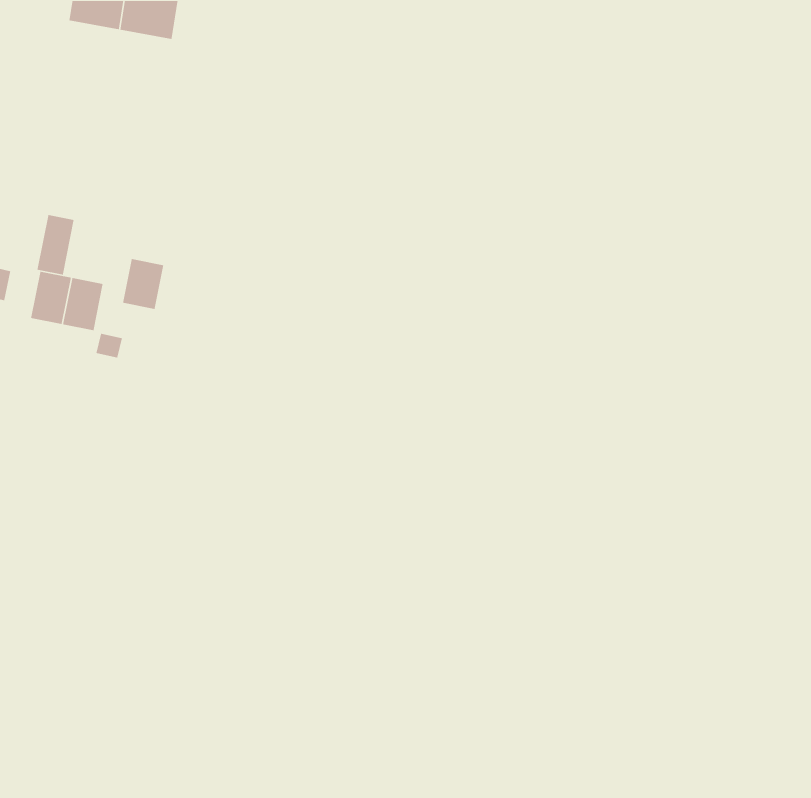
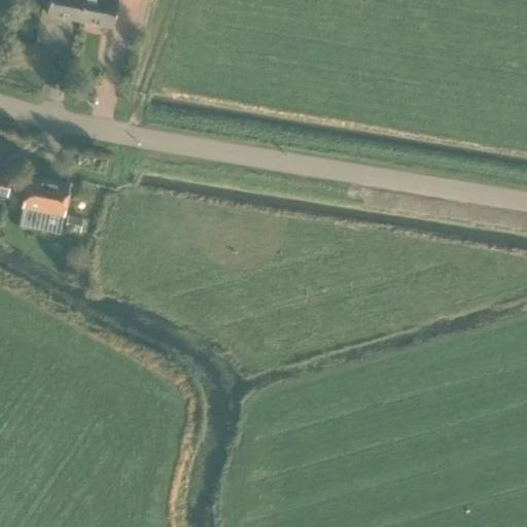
building: [37,214,75,275] -> none
building: [122,258,164,310] -> none

